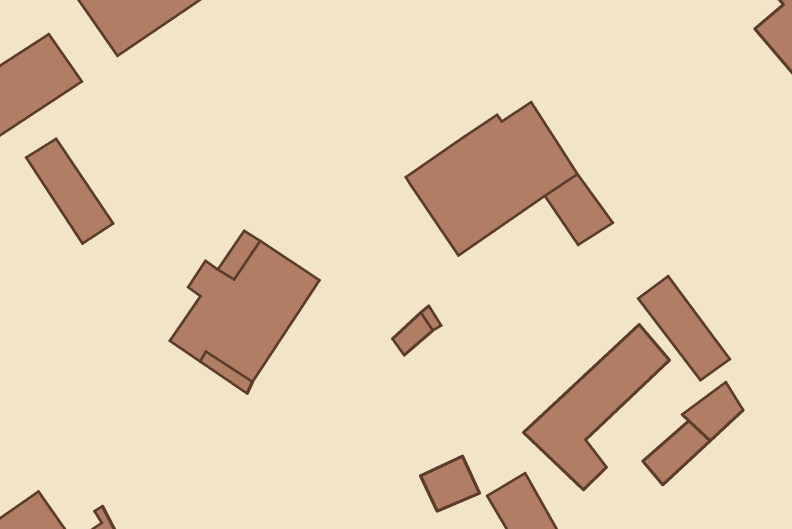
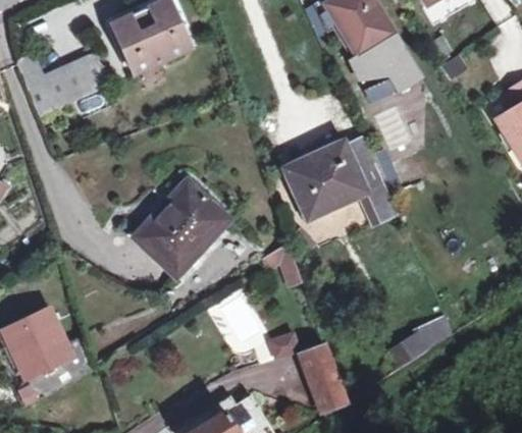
building: [26,139,113,244] -> none
building: [638,276,730,380] -> none
building: [524,325,670,490] -> none

